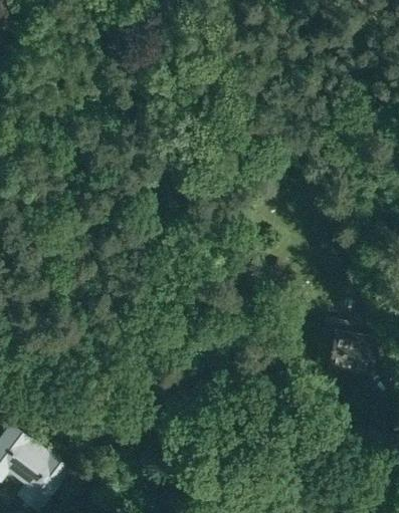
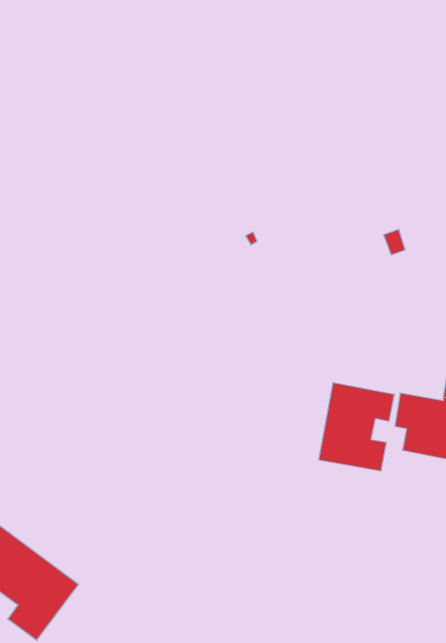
building: none -> [319,382,394,471]

